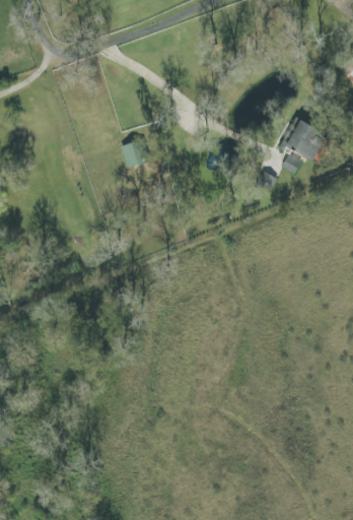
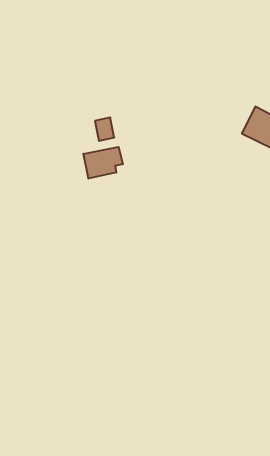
building: none -> [83,147,123,179]

